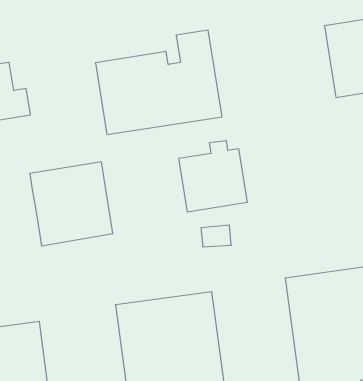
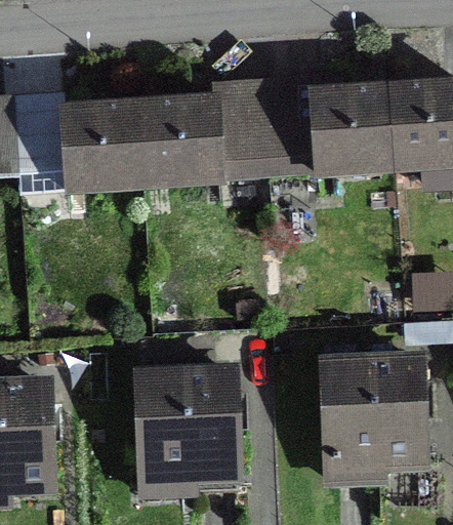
building: none -> [261,79,392,175]
building: [179,140,247,212] -> none
building: [30,162,113,246] -> [59,105,142,189]

